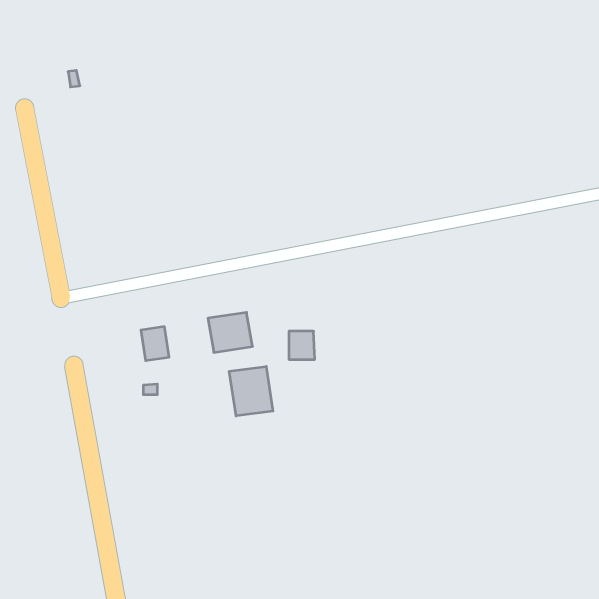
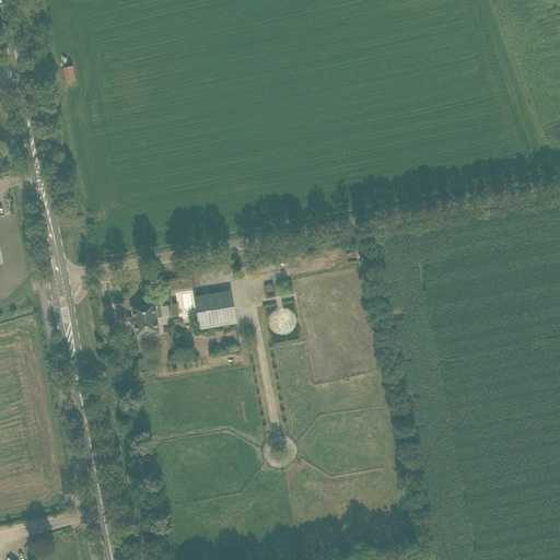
building: [229,366,273,416] -> none

